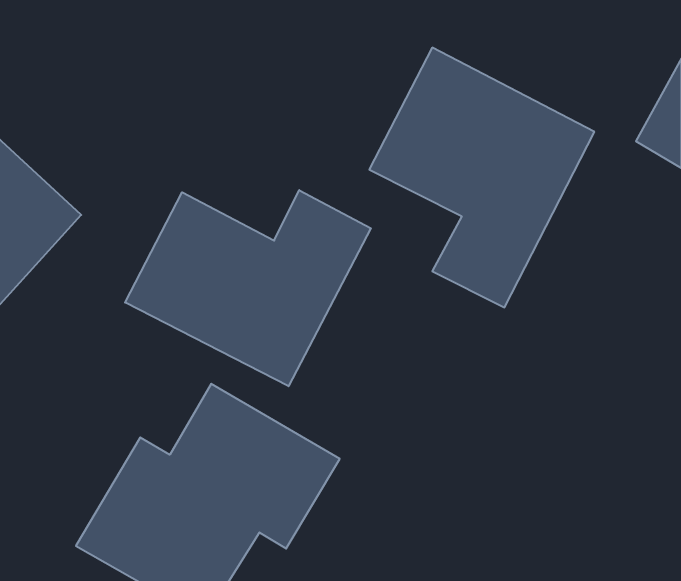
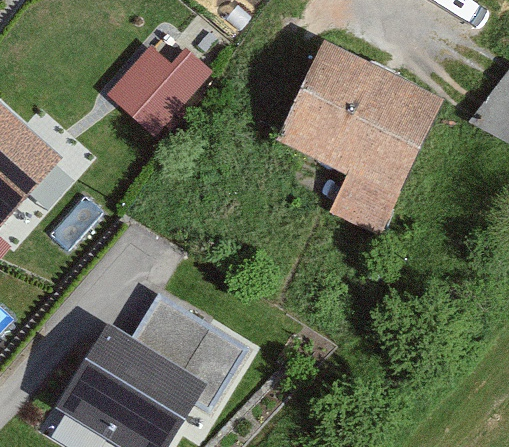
building: none -> [106,27,207,128]
building: [125,190,371,386] -> none

